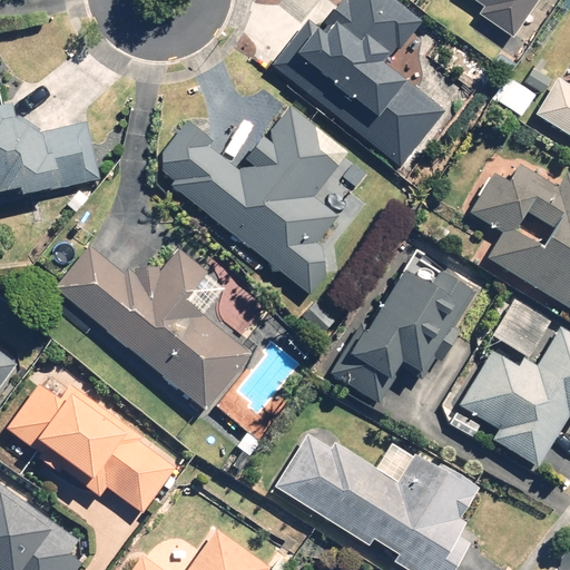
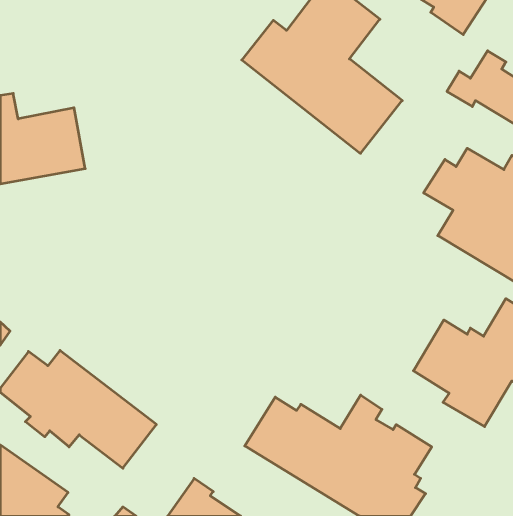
building: [149,107,351,297] -> none
building: [53,246,252,414] -> none
building: [331,247,470,407] -> none
building: [492,297,553,358] -> none

